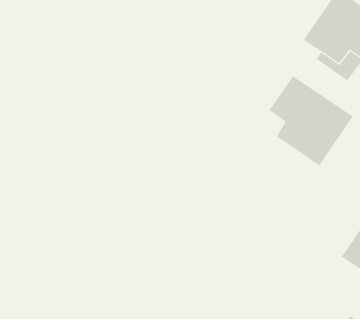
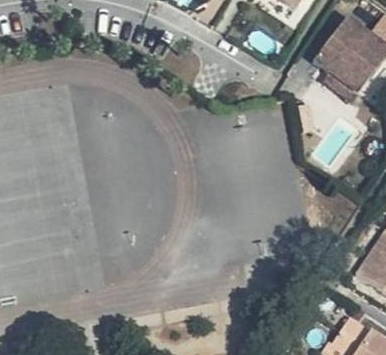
building: [268,75,354,167] -> none

